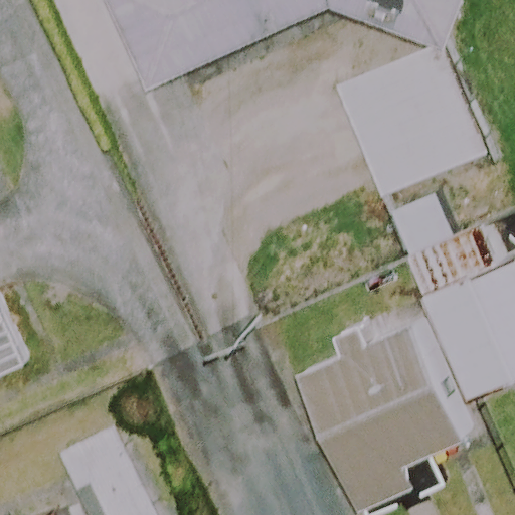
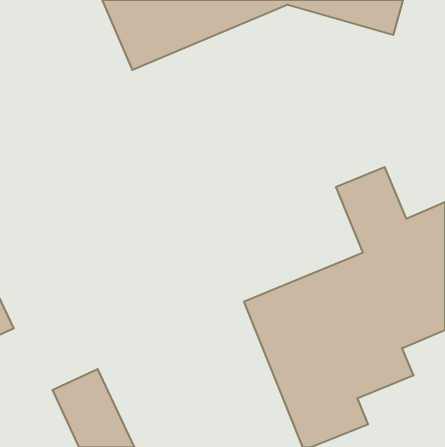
building: [335,46,486,199] -> none

